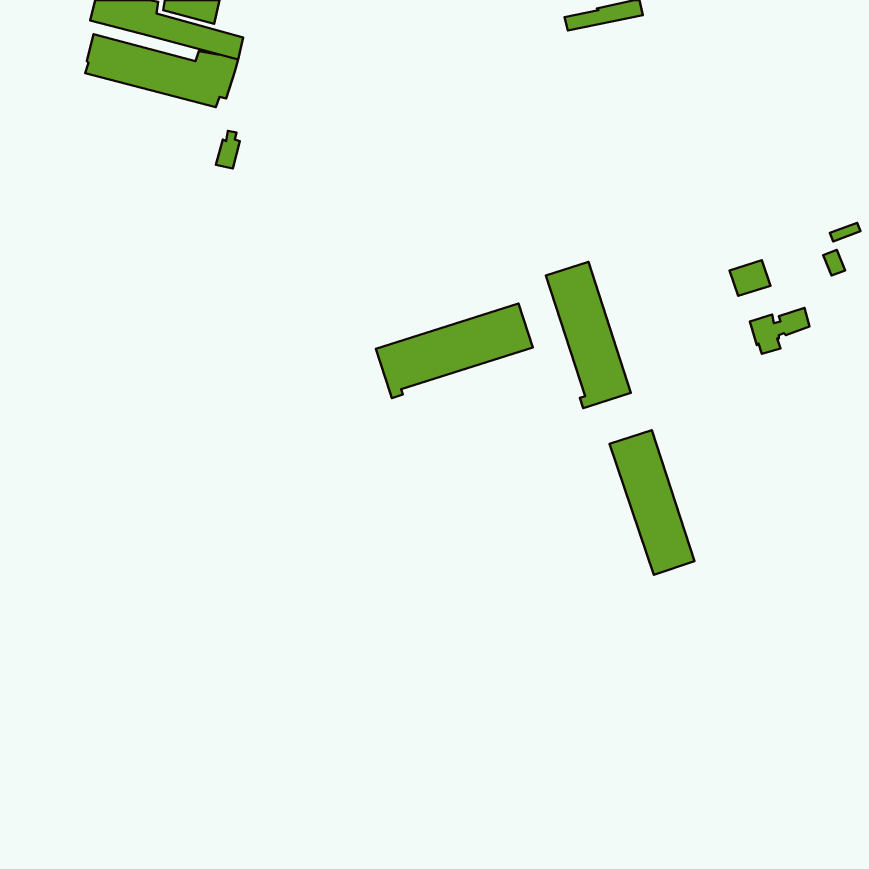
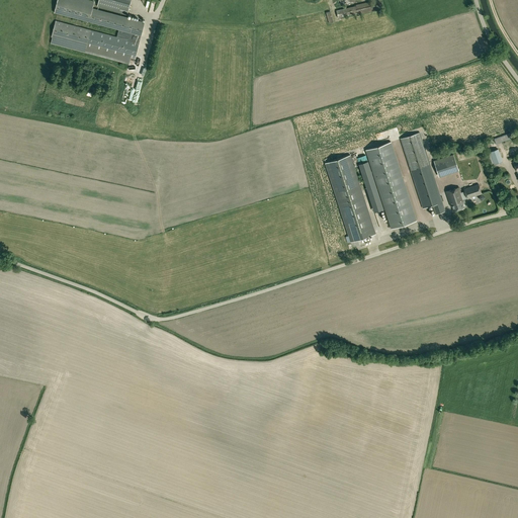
building: none -> [400,133,445,217]
building: [376,303,533,398] -> none
building: [609,430,695,575] -> [365,143,416,229]

